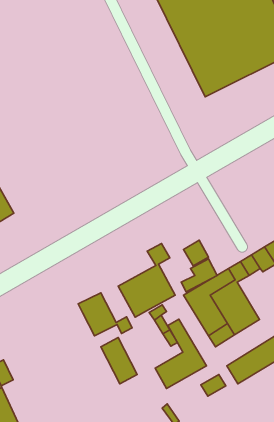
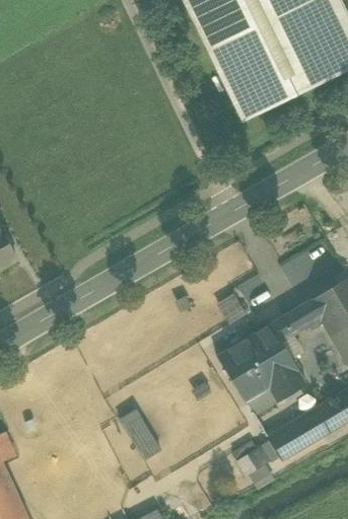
building: [118,243,175,317] -> none
building: [78,293,132,336] -> none
building: [155,319,206,389] -> none

